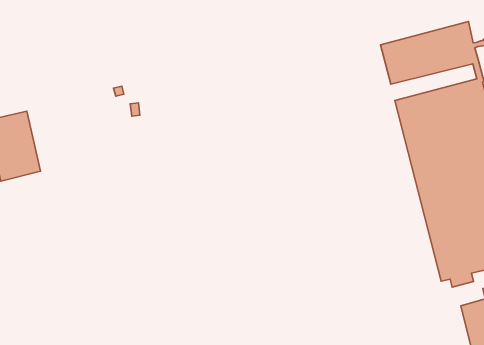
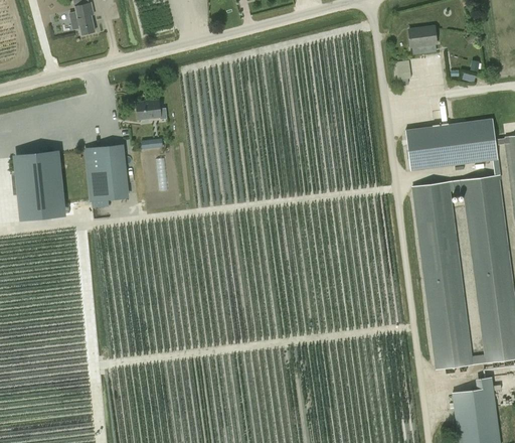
building: none -> [135,99,167,118]
building: none -> [85,145,127,206]

